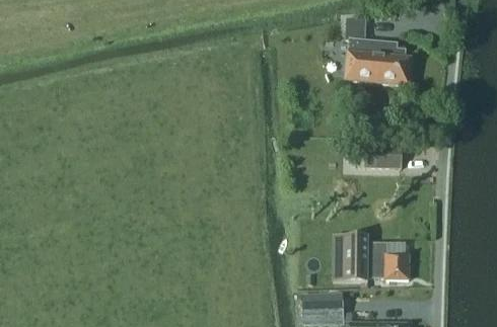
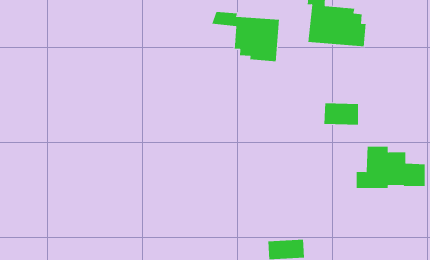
building: none -> [211,11,280,62]
building: [332,235,408,280] -> [356,146,426,188]

